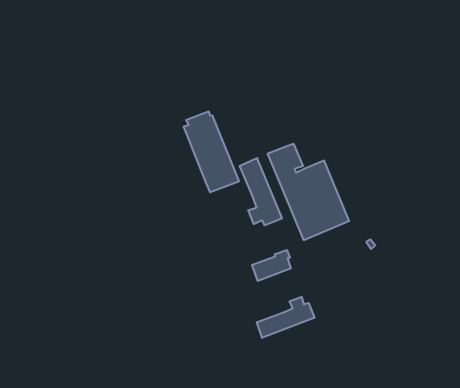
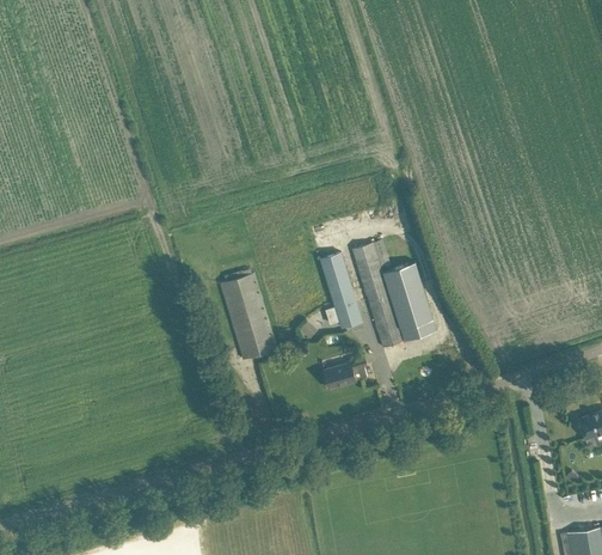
building: [183,112,239,192] -> [220,269,276,359]
building: [257,297,314,338] -> none

